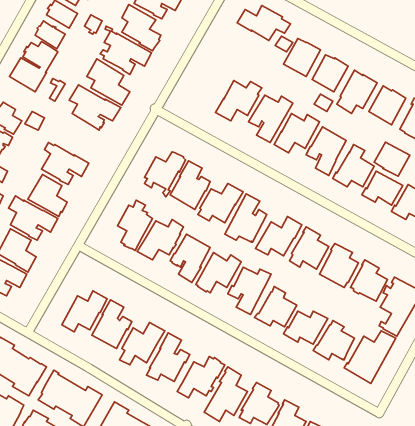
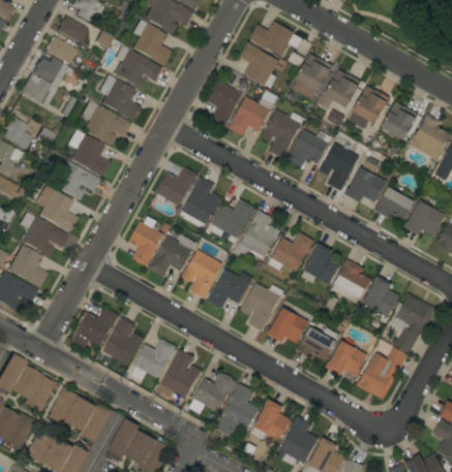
building: none -> [239,42,278,88]
building: none -> [207,81,242,126]
building: none -> [66,129,110,177]
building: [374,142,410,176] -> none

